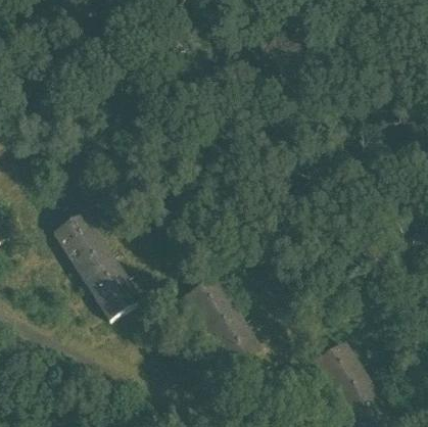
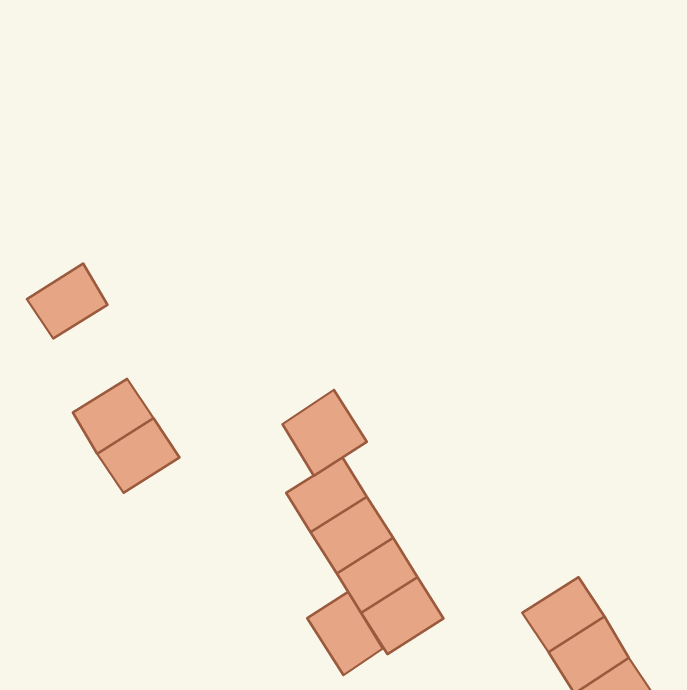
building: [53,209,97,250] -> [27,263,107,338]
building: none -> [282,390,367,476]
building: [95,275,139,317] -> none
building: none -> [307,592,383,675]

